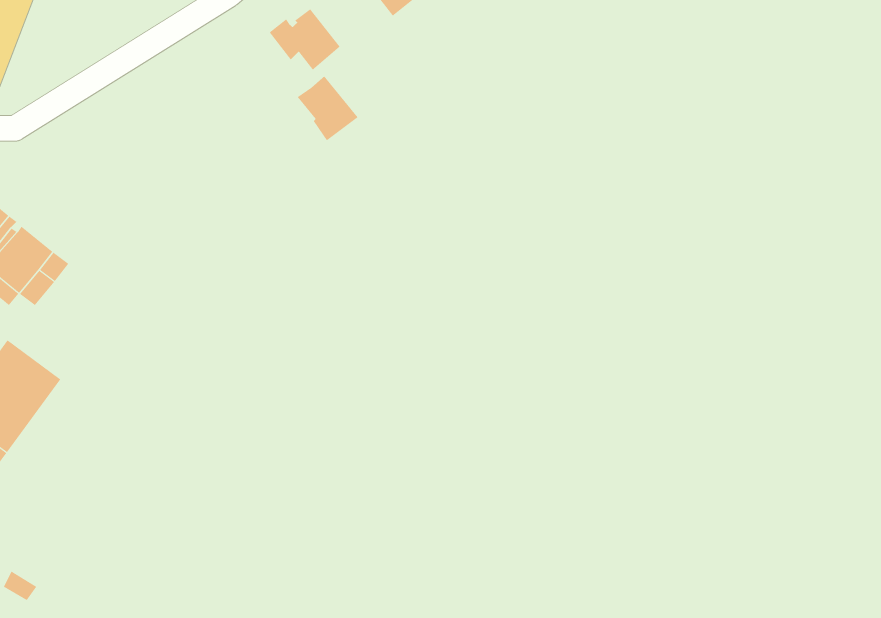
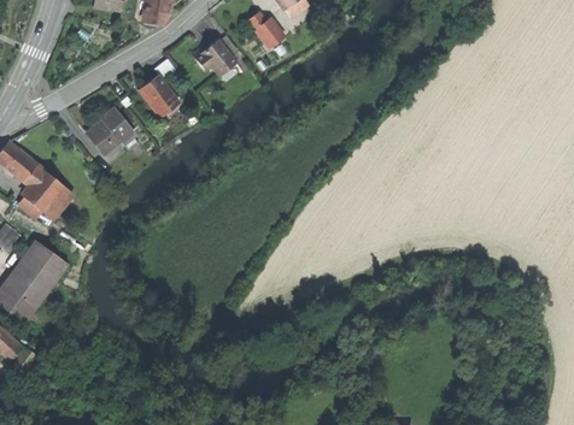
building: [297,75,359,141] -> [140,76,177,116]
building: none -> [89,107,131,152]

